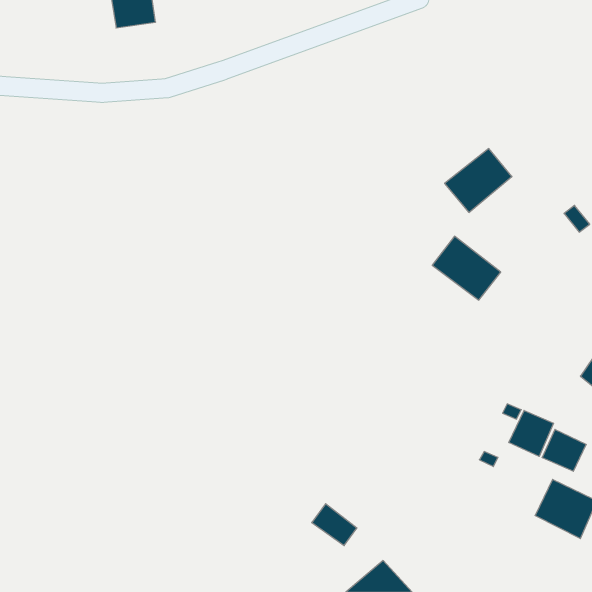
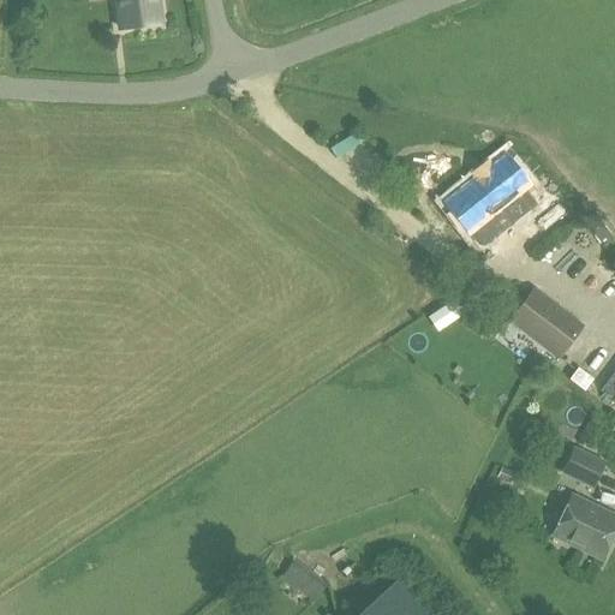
building: [432,236,501,300] -> [512,289,583,356]
building: [509,410,554,456] -> none
building: [312,504,357,546] -> [282,557,329,601]

